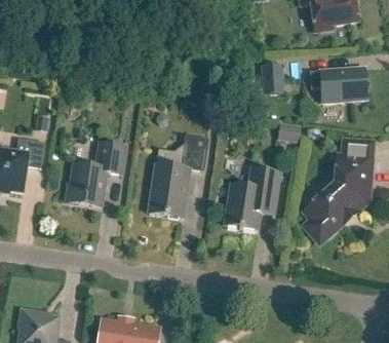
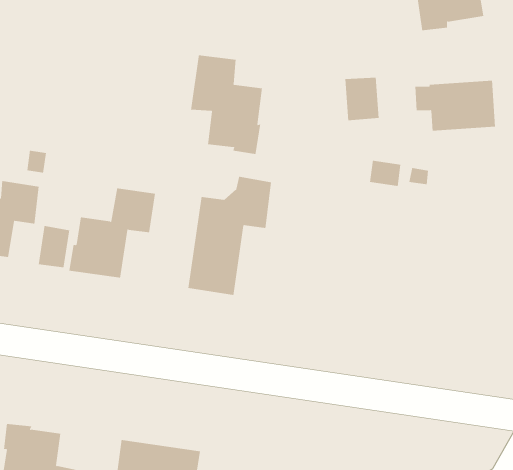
building: none -> [190,54,263,155]
building: [305,140,371,237] -> none
building: [224,167,280,229] -> none
building: none -> [38,225,70,268]

